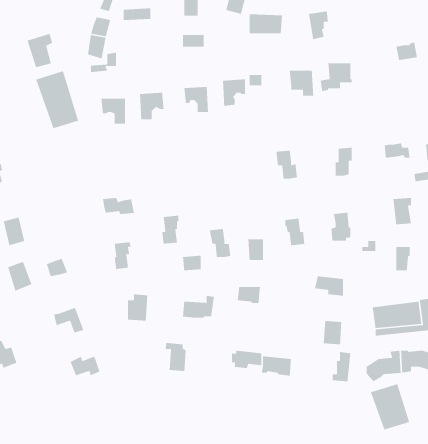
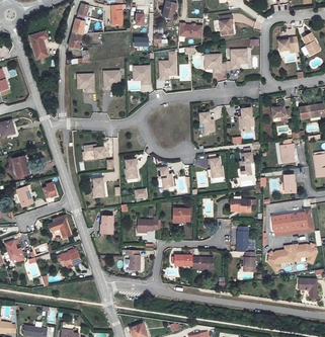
building: [35,70,79,129] -> none
building: [370,383,410,431] -> none

